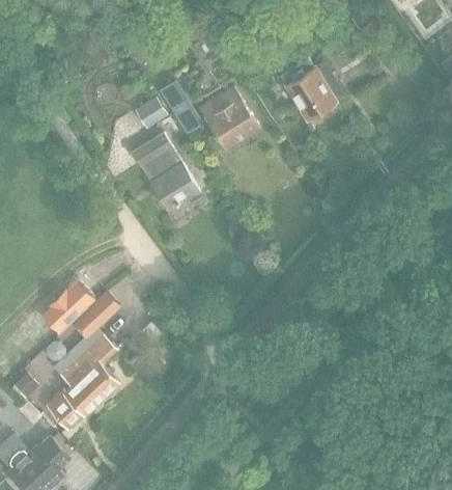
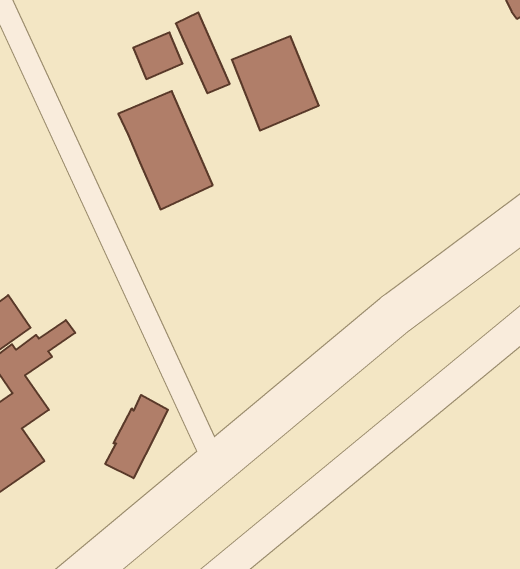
building: [278,58,335,119] -> none
building: none -> [105,395,168,478]

